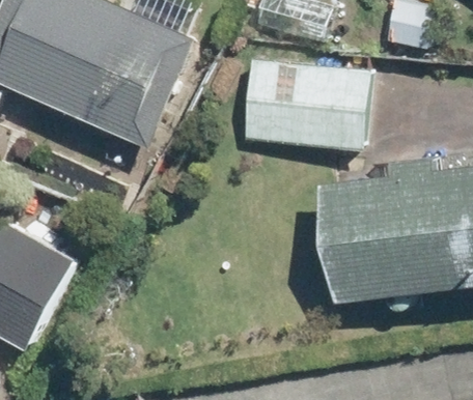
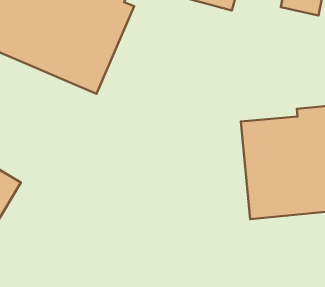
building: [243,47,373,151] -> none

